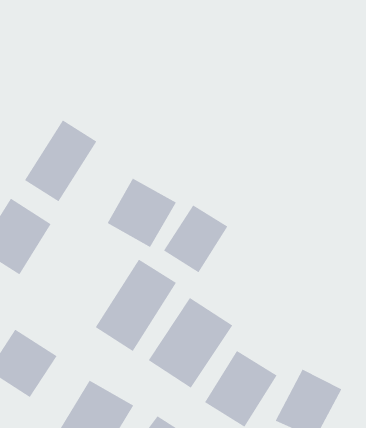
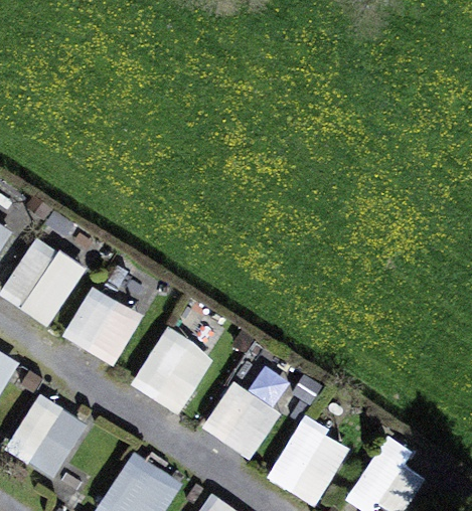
building: [24,119,97,202] -> none
building: [107,178,177,248] -> [60,285,143,367]
building: [163,205,228,273] -> none

